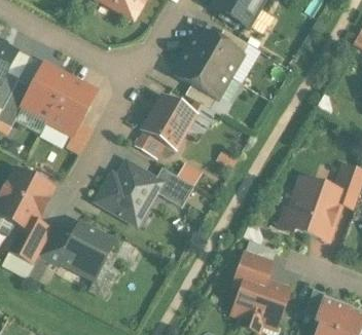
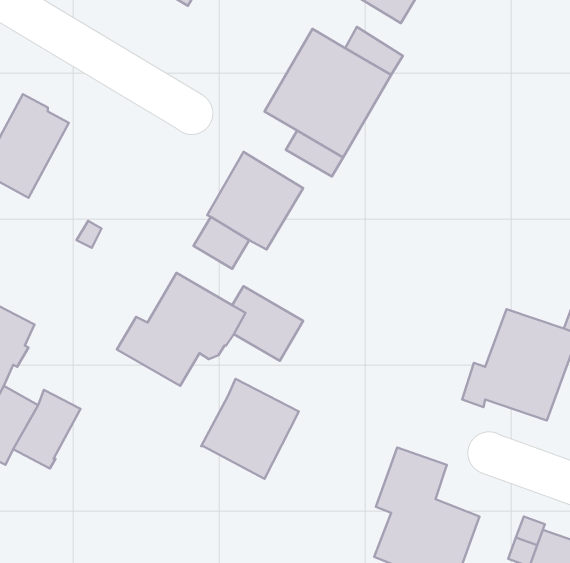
building: [46,80,95,134] -> none
building: [60,224,112,277] -> [201,379,299,479]

